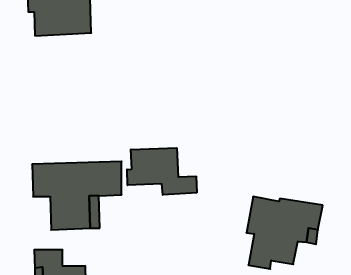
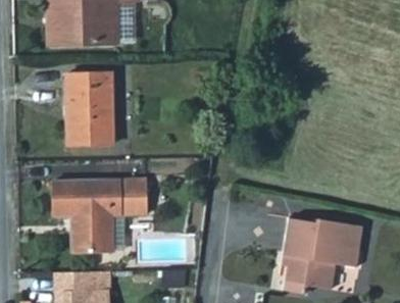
building: none -> [65,72,113,145]
building: [127,148,197,195] -> none

